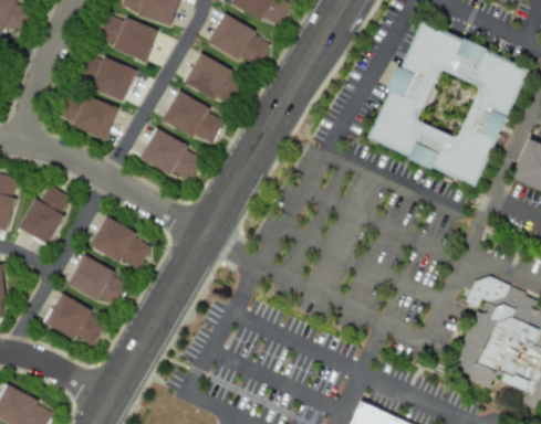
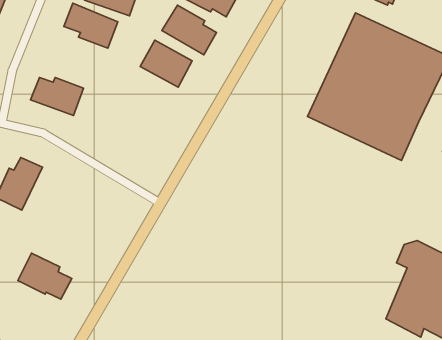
building: [77,52,134,99] -> none
building: [160,89,221,145] -> none
building: [137,127,198,180] -> none
building: [89,215,147,268] -> none
building: [65,254,126,308] -> none

